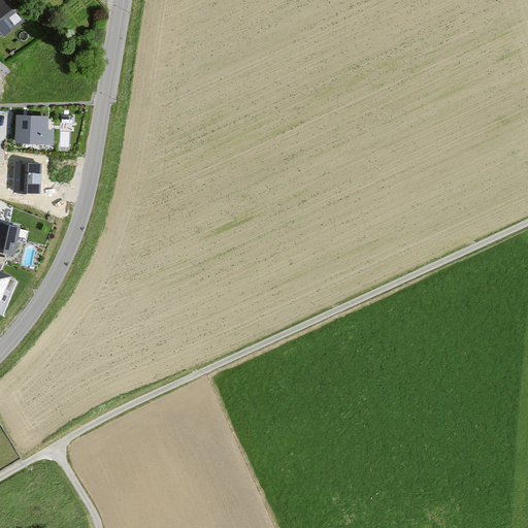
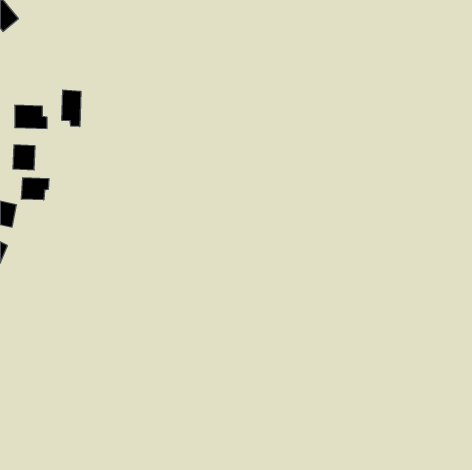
building: none -> [62,90,81,127]
building: none -> [21,178,49,200]

